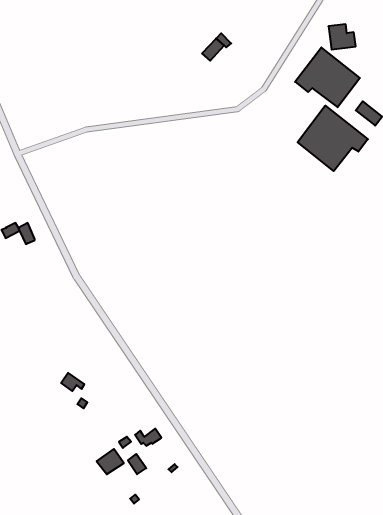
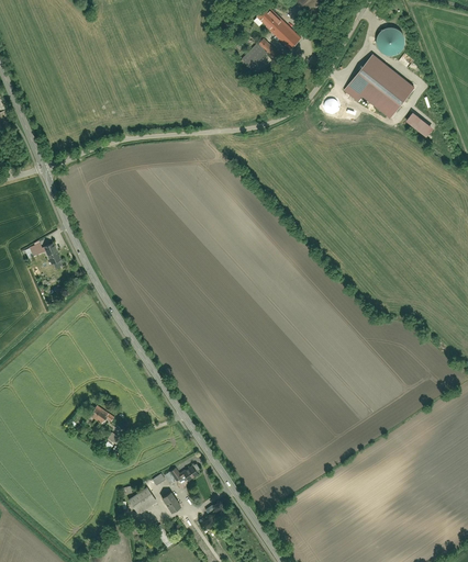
building: none -> [258,7,302,49]
building: [298,106,368,171] -> none

